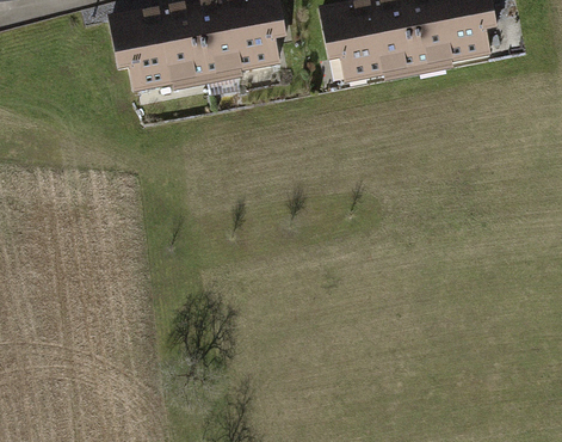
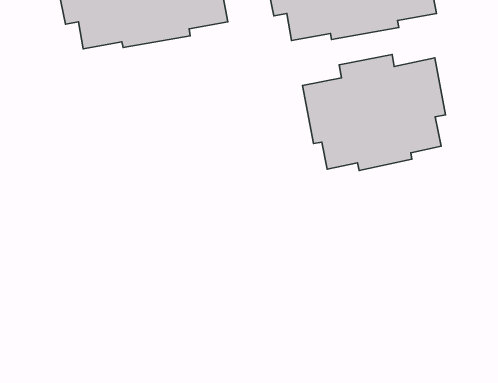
building: none -> [302,55,445,171]

